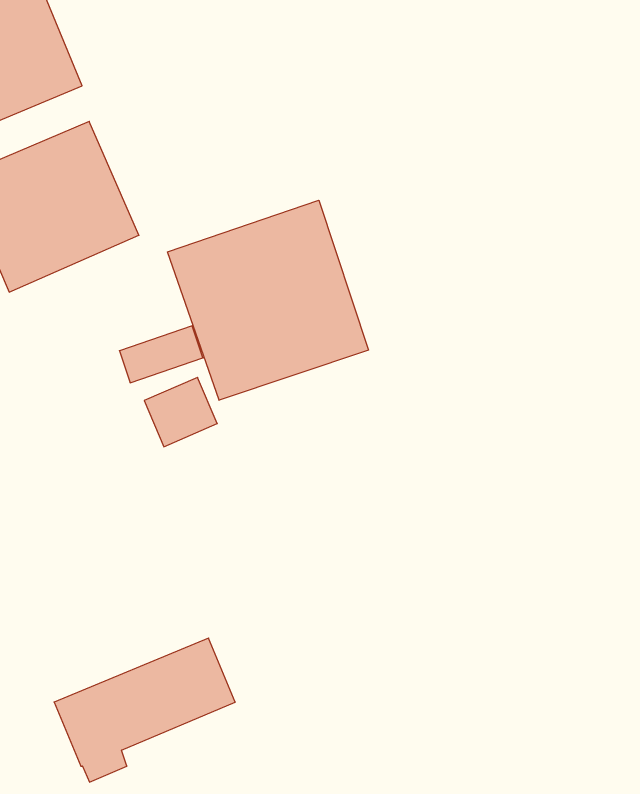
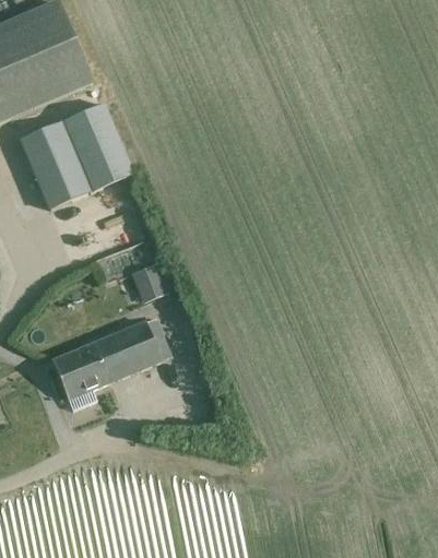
building: [167,200,369,400] -> none
building: [54,638,235,782] -> [51,320,163,408]

